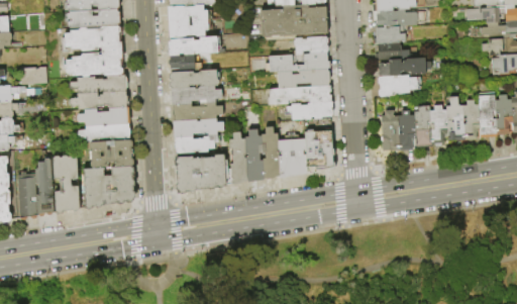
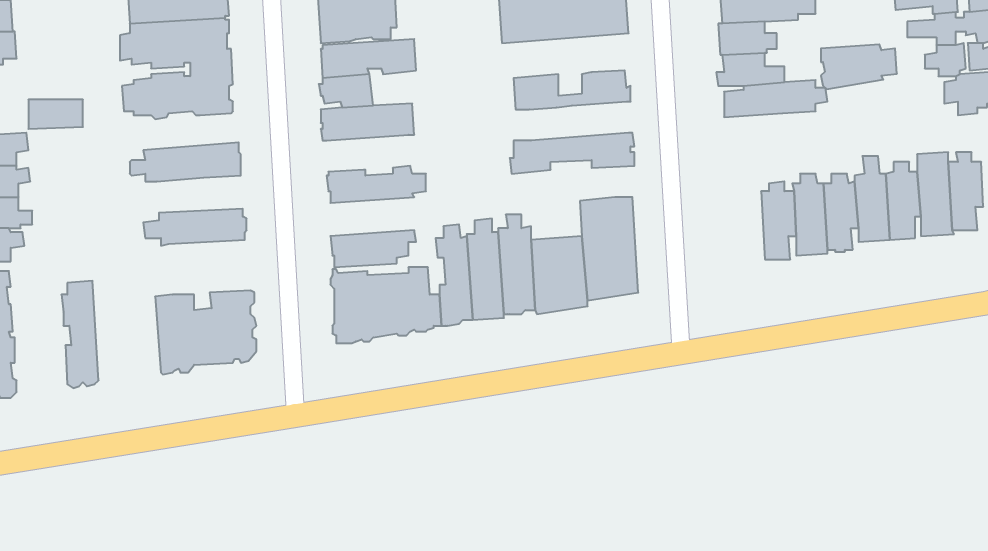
building: [294,35,328,54] -> none
building: [277,68,330,88] -> none
building: [70,74,127,93] -> none
building: [378,74,417,97] -> [821,44,897,89]
building: [172,85,222,104] -> none
building: [286,101,332,119] -> none
building: [77,106,130,125] -> none
building: [381,110,399,150] -> none
building: [173,117,224,137] -> none
building: [89,139,134,168] -> none
building: [51,155,80,214] -> none
building: [17,177,37,219] -> none

